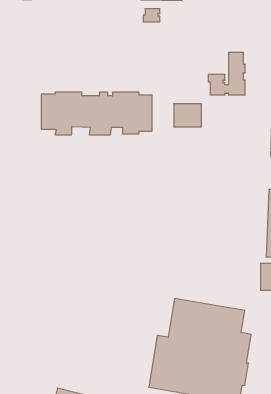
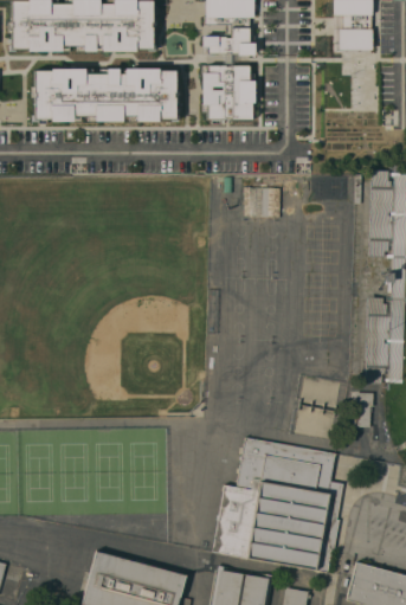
building: [208,52,245,95] -> [206,65,253,120]
building: [41,92,152,135] -> [34,69,176,123]

